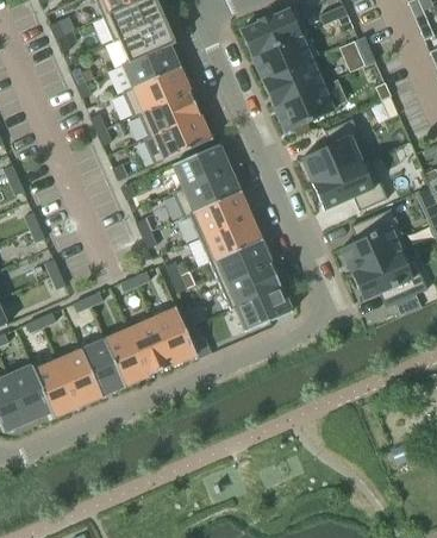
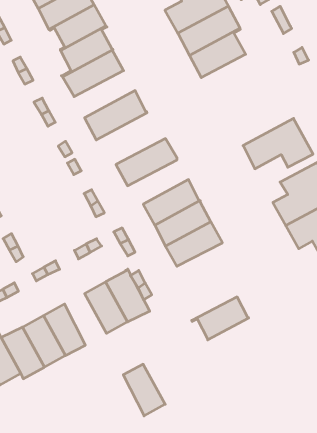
building: [274,85,335,132] -> none
building: [135,92,201,139] -> none
building: [301,118,370,183] -> none
building: [174,144,230,193] -> none
building: [185,193,251,238] -> none
building: [231,287,293,331] -> [192,297,249,340]
building: [106,330,149,386] -> [123,364,165,416]

